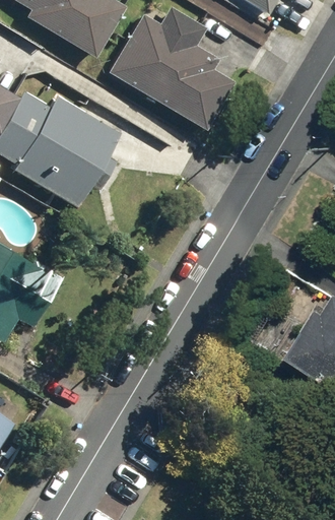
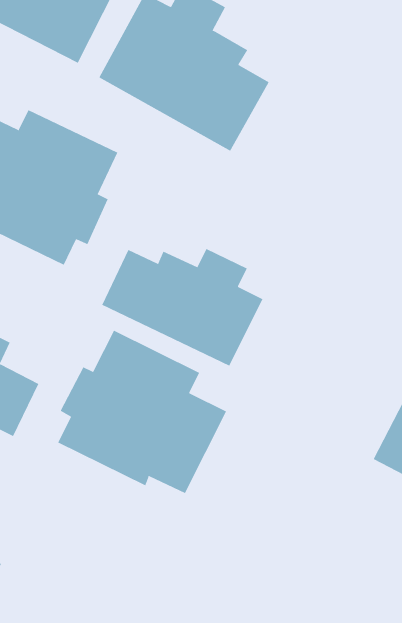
building: none -> [102,248,263,366]
building: none -> [57,330,227,494]

